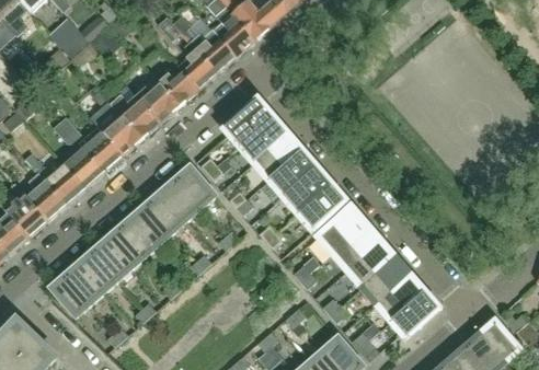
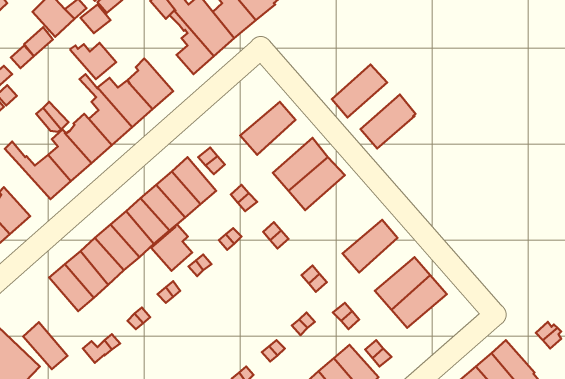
building: [154,72,196,105] -> [71,43,116,79]
building: [223,97,275,146] -> none
building: [254,131,305,180] -> [332,64,387,117]
building: [26,172,66,219] -> none
building: [298,182,348,231] -> [360,94,416,149]
building: [318,205,368,253] -> none
building: none -> [151,224,192,271]
building: [347,239,398,287] -> none
building: [50,275,91,317] -> [23,322,68,369]
building: [391,290,441,338] -> none
building: [481,320,521,361] -> none

